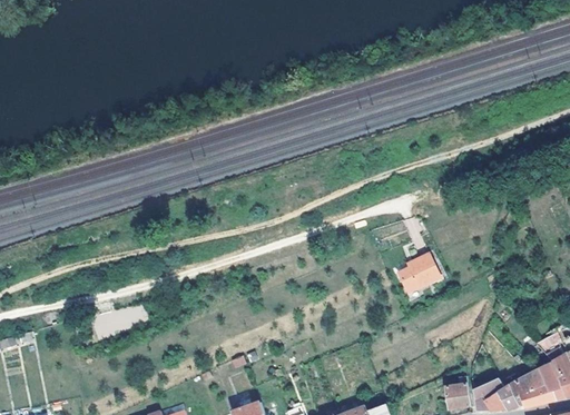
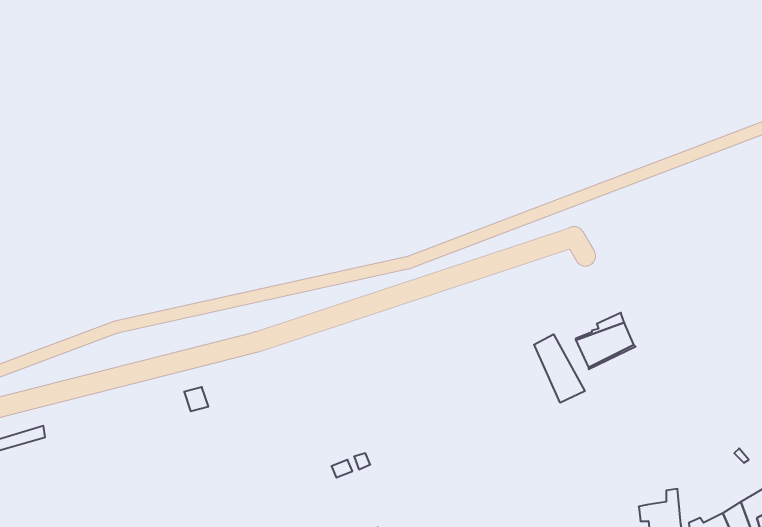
building: none -> [534,334,585,403]

